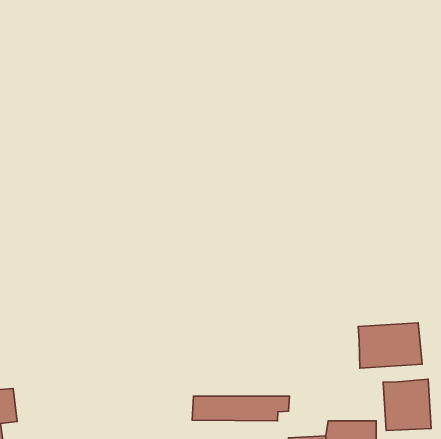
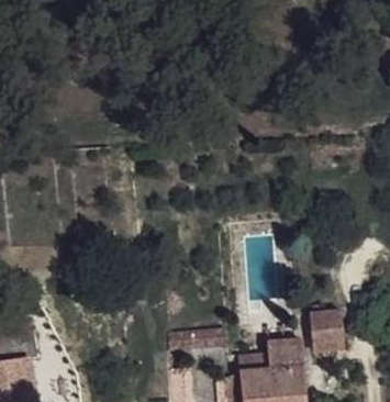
building: [358,323,422,368] -> none

